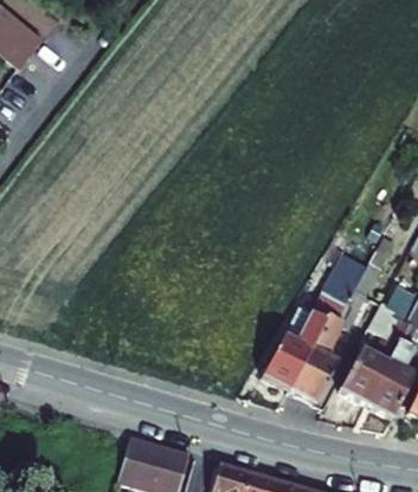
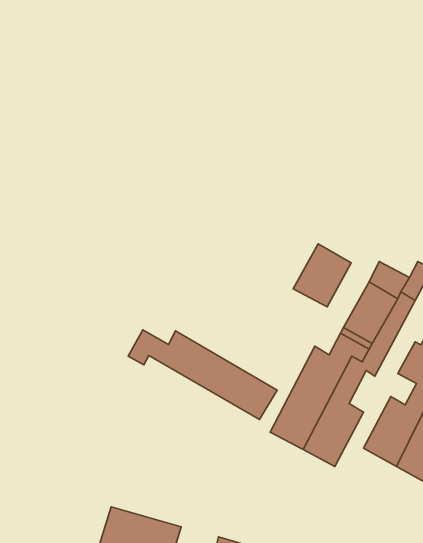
building: none -> [293,244,351,307]
building: none -> [128,330,277,420]

